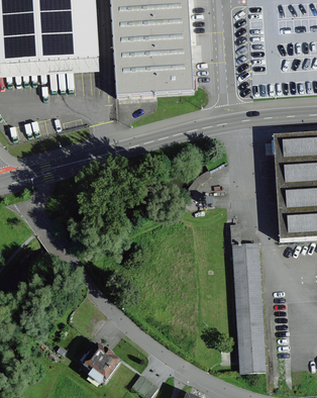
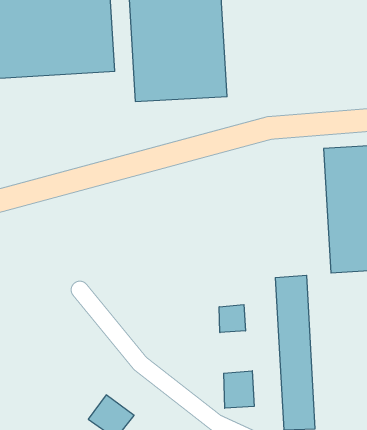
building: none -> [219,305,245,333]
building: none -> [224,371,254,408]

